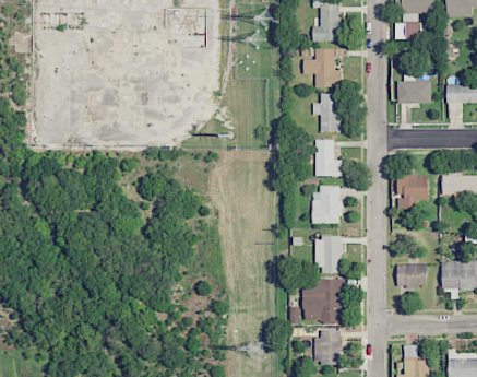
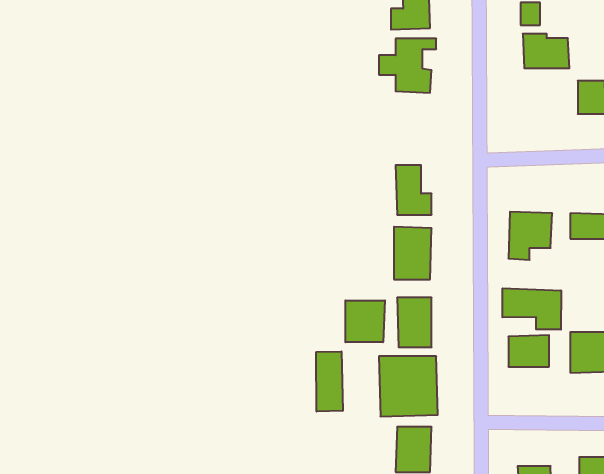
building: [397,78,431,103] -> [523,34,569,68]
building: [312,93,342,132] -> none
building: none -> [502,288,561,330]
building: none -> [345,300,385,342]
building: none -> [316,351,343,412]

